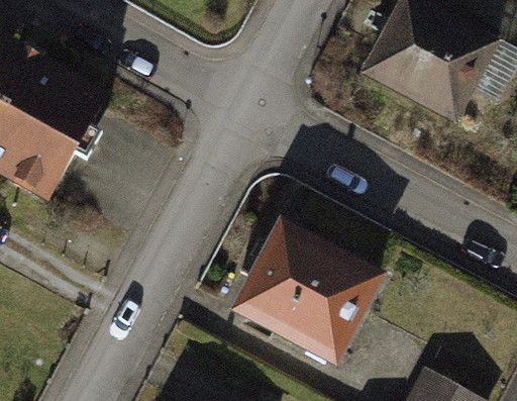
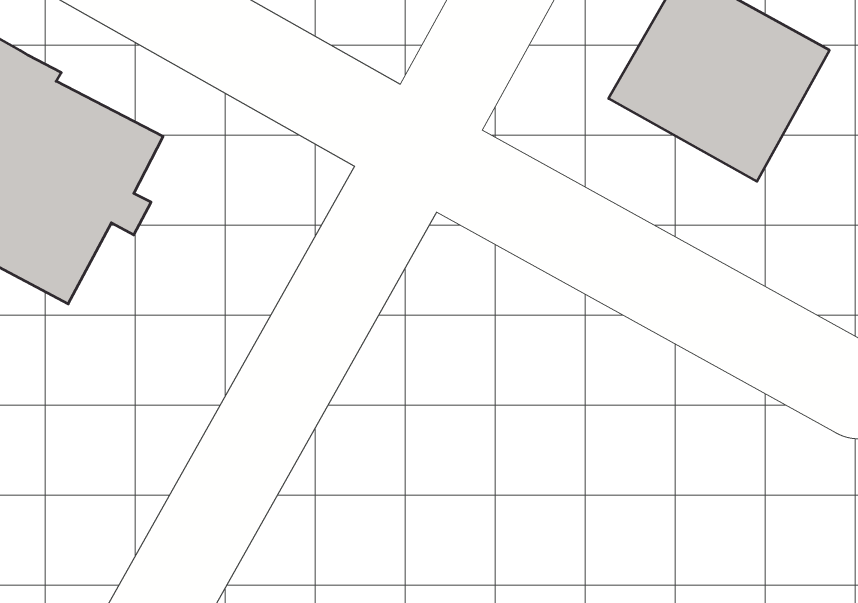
building: [239,221,385,362] -> none

